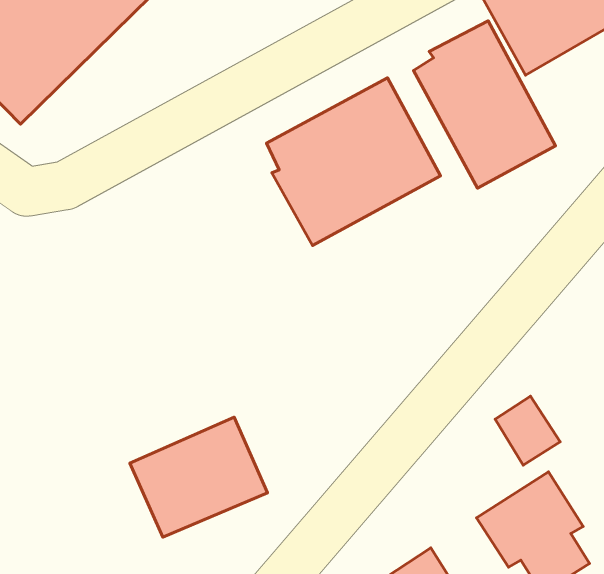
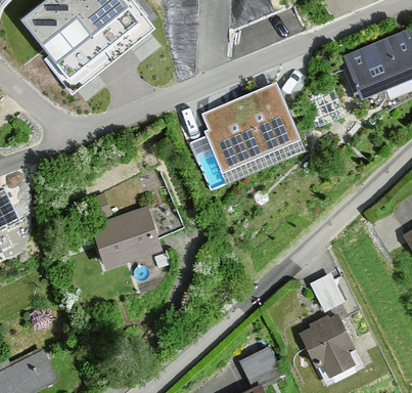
building: [414,21,556,188] -> none
building: [130,417,267,537] -> [92,208,165,268]

